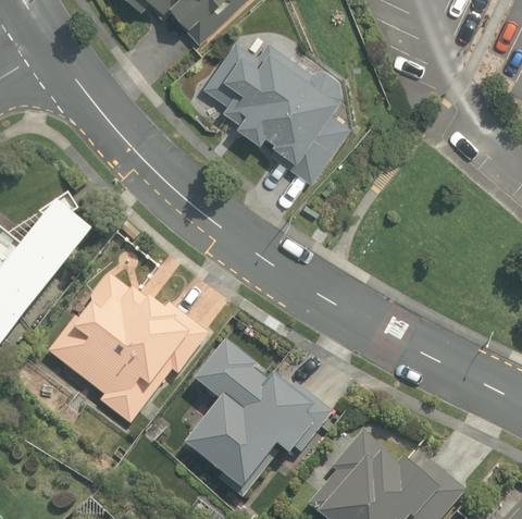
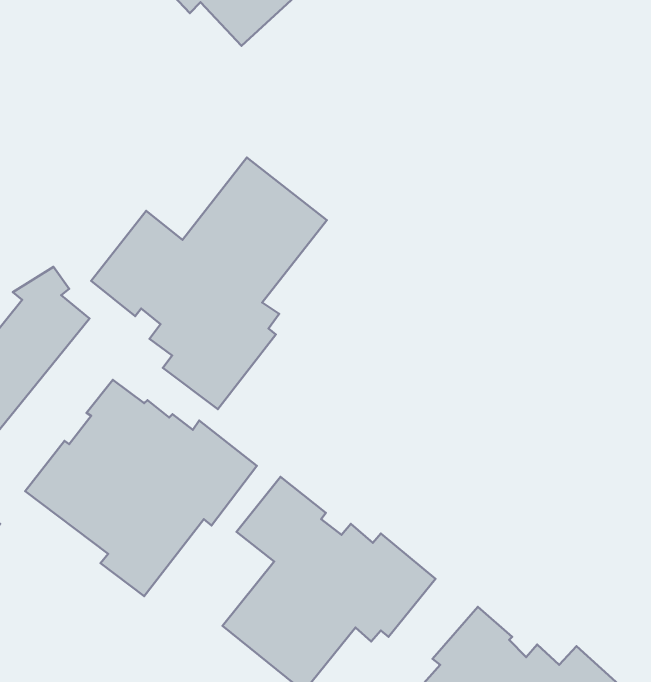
building: [201,40,348,181] -> none
building: none -> [91,158,327,409]

